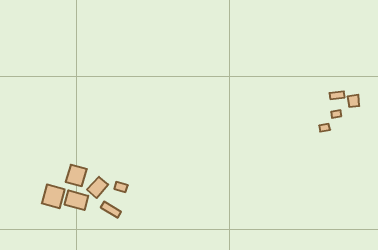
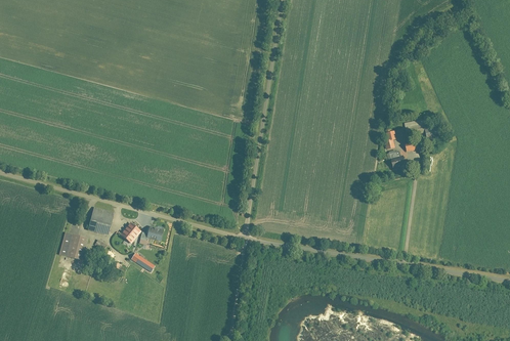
building: [65,190,88,210] -> none

